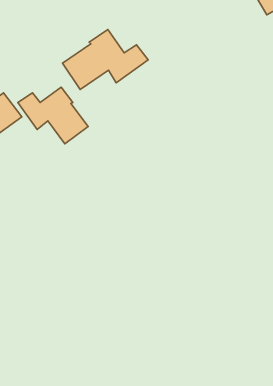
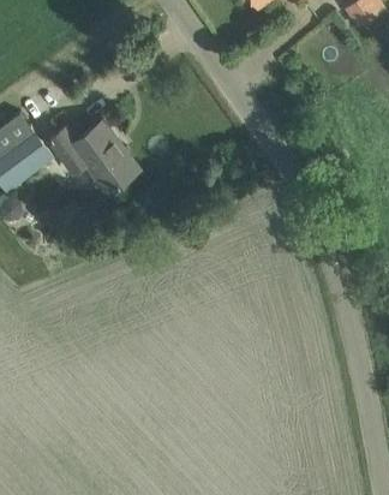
building: [62,29,148,89] -> none

